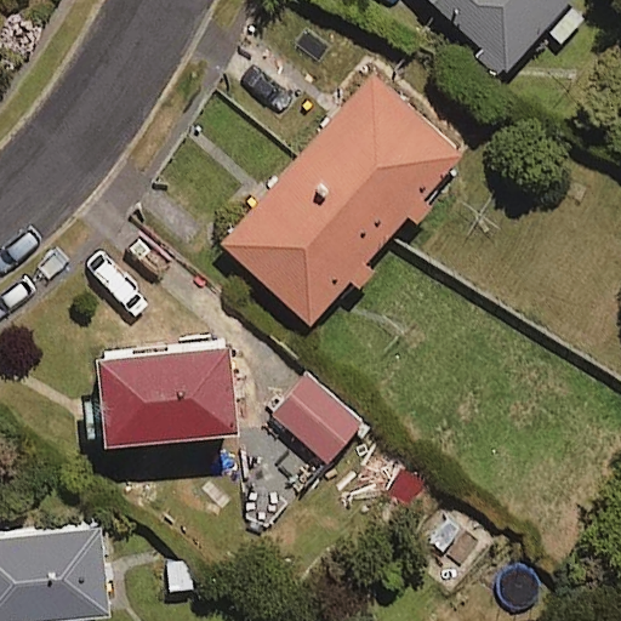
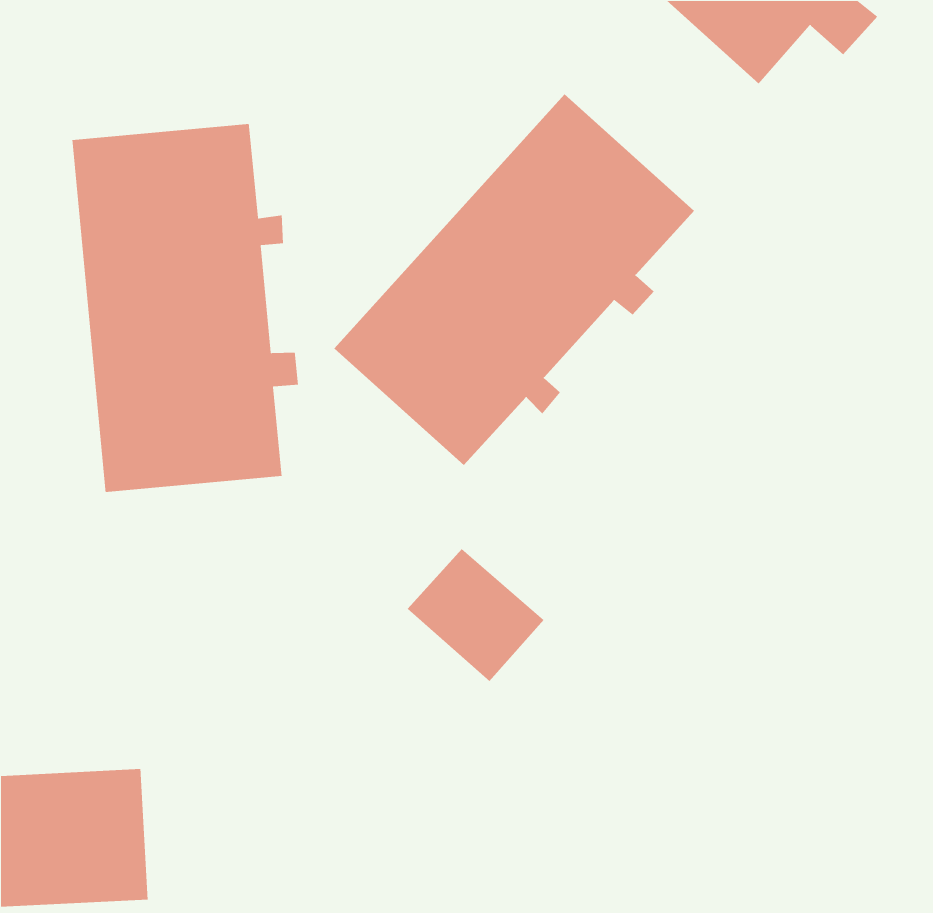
building: none -> [72,123,299,493]
building: [97,340,234,437] -> none

